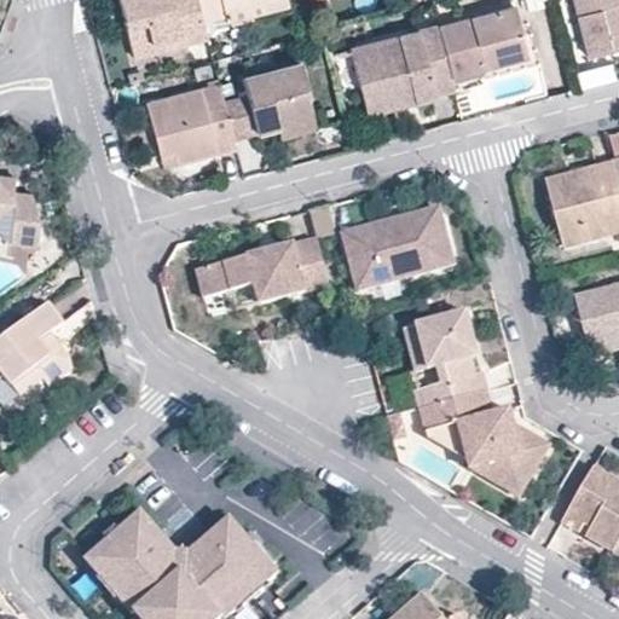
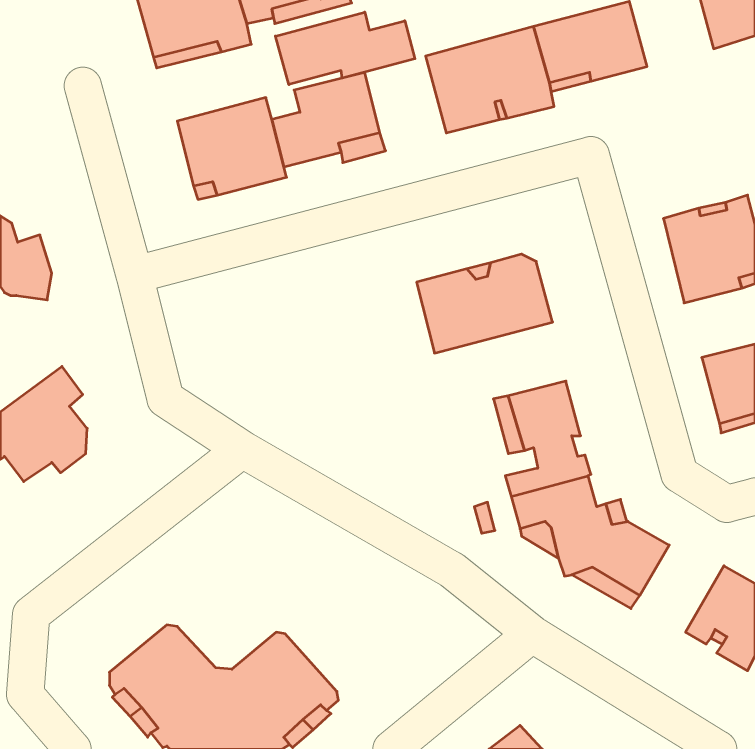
building: none -> [275,12,415,85]
building: [197,237,329,301] -> none

